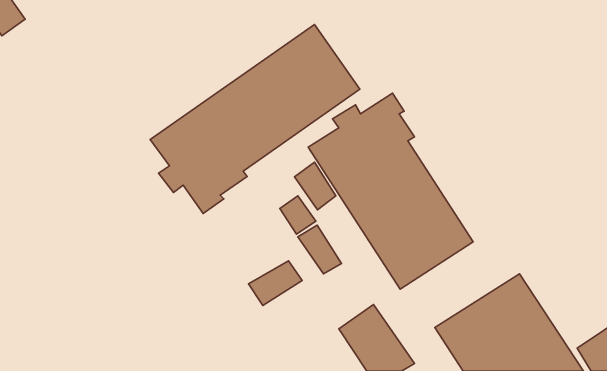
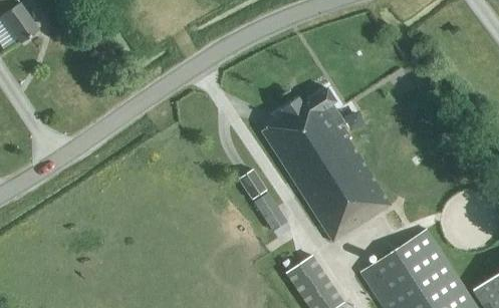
building: [150,24,360,213] -> none
building: [294,162,336,210] -> none
building: [249,261,302,305] -> none

